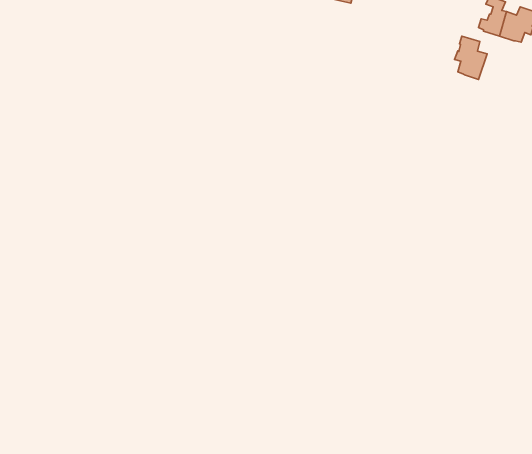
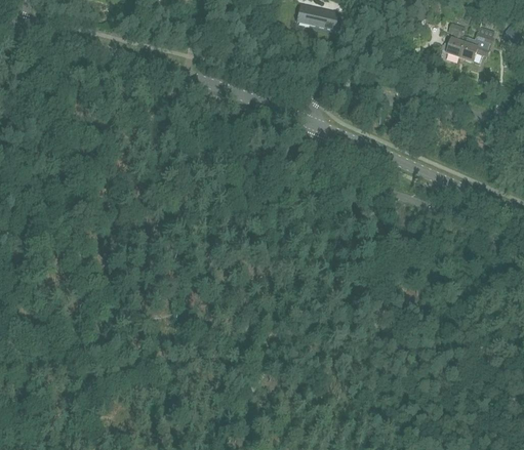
building: [455,36,487,79] -> none

